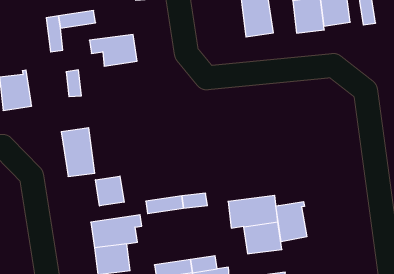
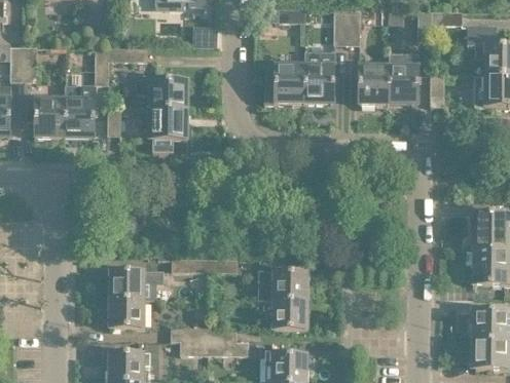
building: none -> [263,65,304,105]
building: none -> [148,108,188,152]
building: [61,128,95,176] -> [65,86,95,136]
building: [96,176,124,206] -> none
building: [276,202,307,242] -> none

